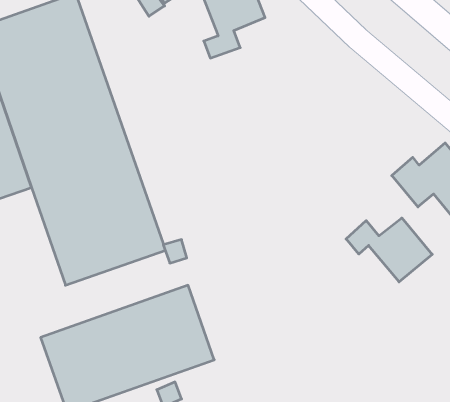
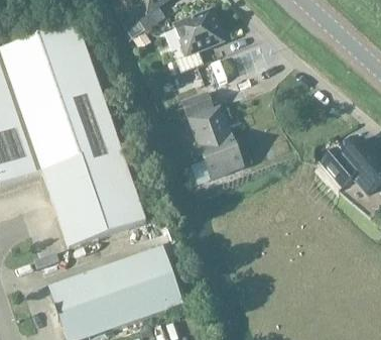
building: none -> [181,91,242,177]
building: [346,218,432,282] -> none

